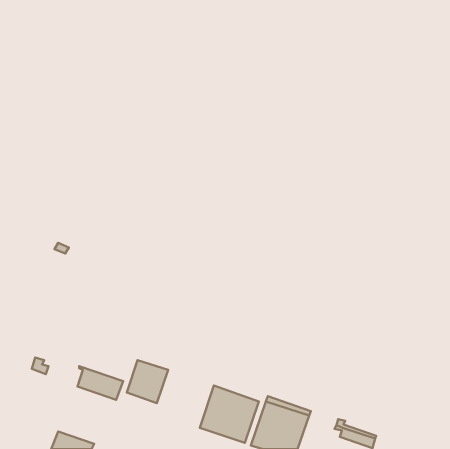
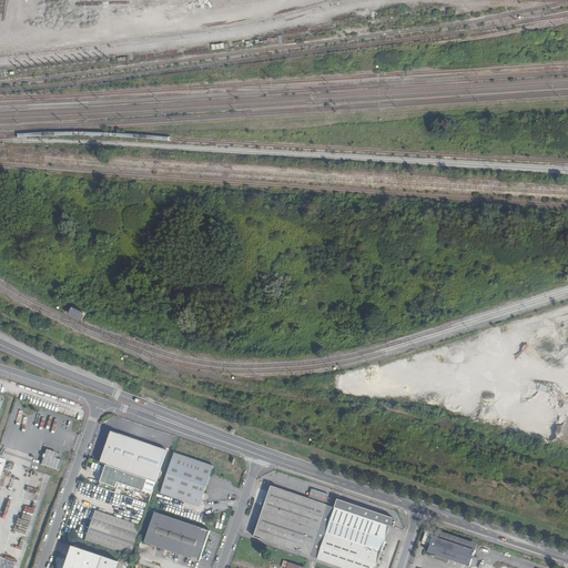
building: none -> [100,432,165,480]
building: none -> [84,509,140,555]
building: none -> [144,510,210,559]

